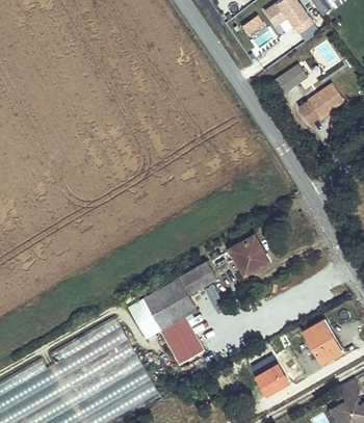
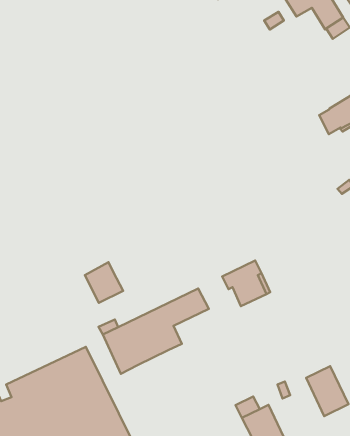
building: [271,63,307,95] -> none
building: none -> [85,262,123,303]
building: [159,315,204,364] -> none

